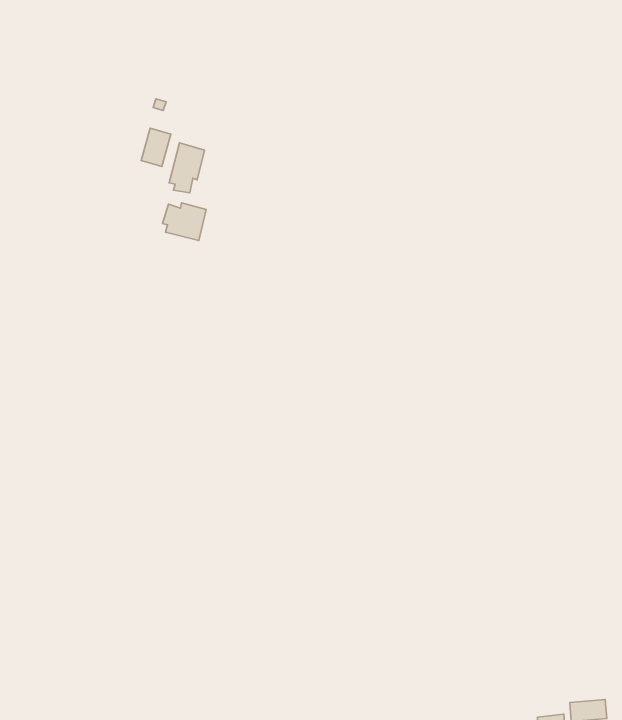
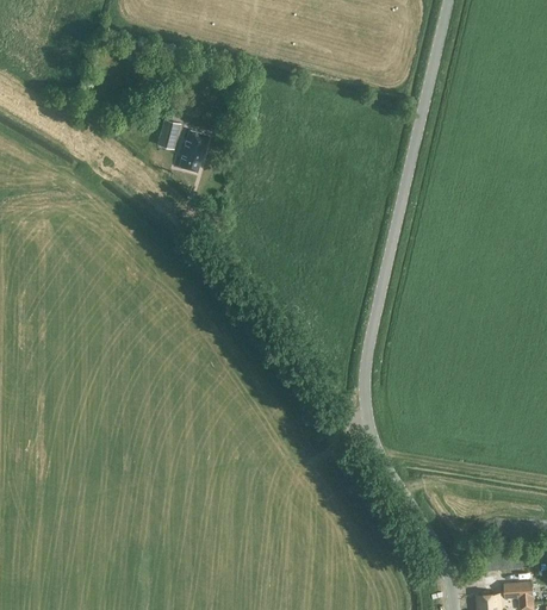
building: [163,203,206,241] -> none

